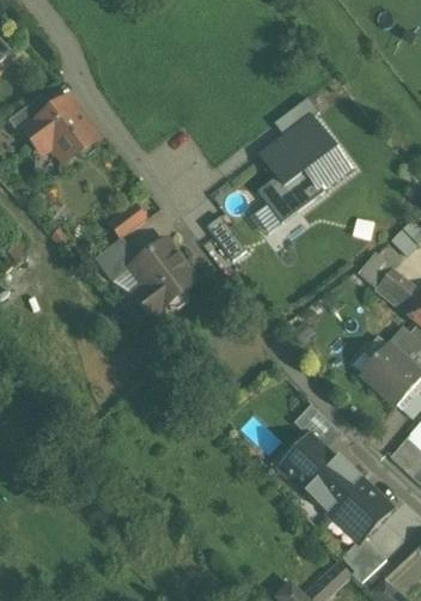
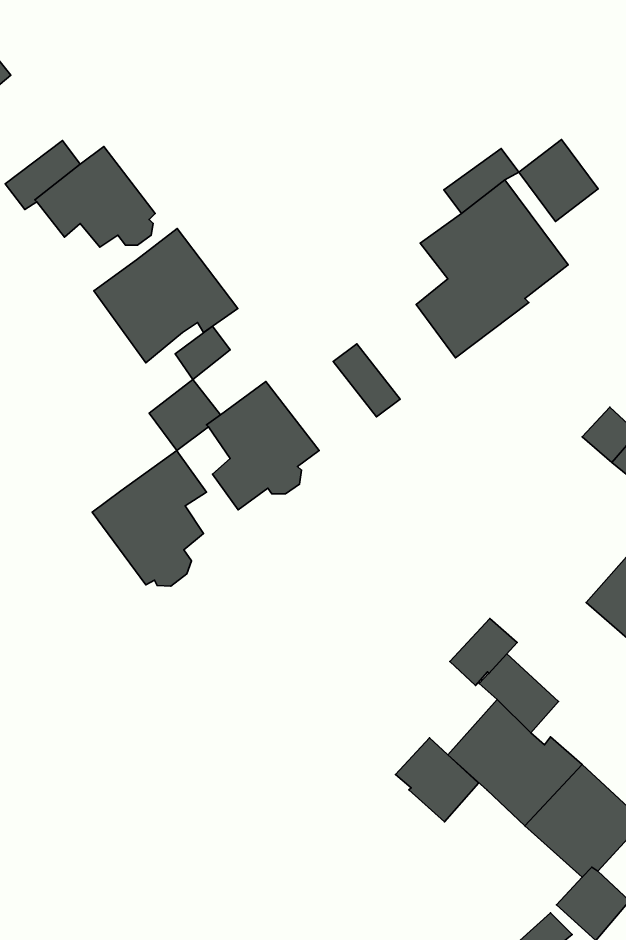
building: none -> [519,140,598,221]
building: none -> [94,228,238,363]
building: none -> [92,451,206,586]
building: none -> [450,619,517,685]
building: none -> [396,738,478,822]

